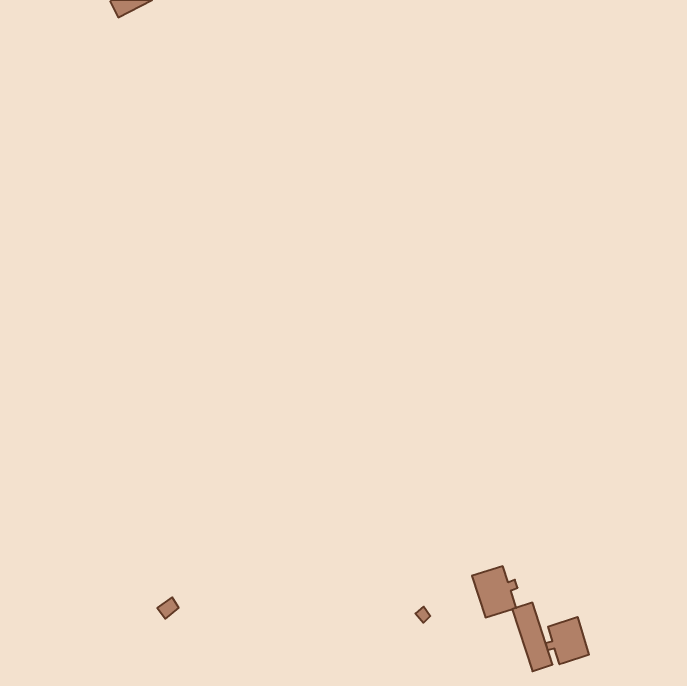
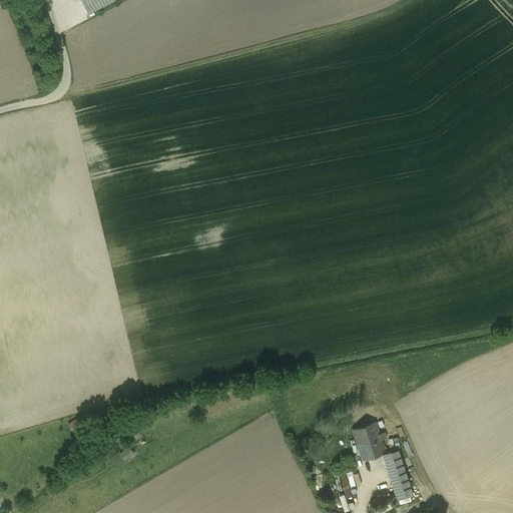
building: [546,617,589,664] -> none

